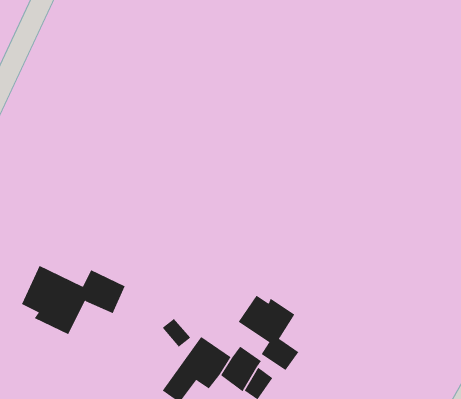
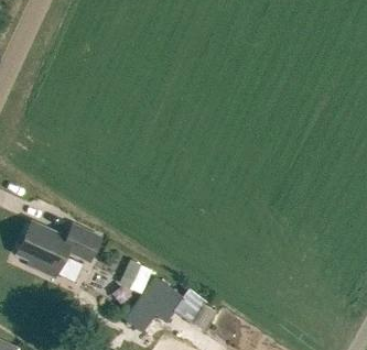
building: [238,295,299,371] -> none

